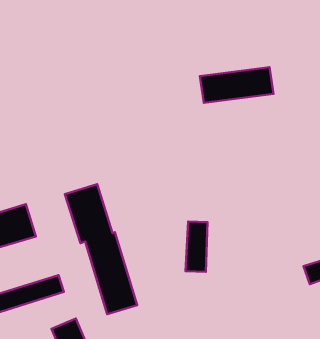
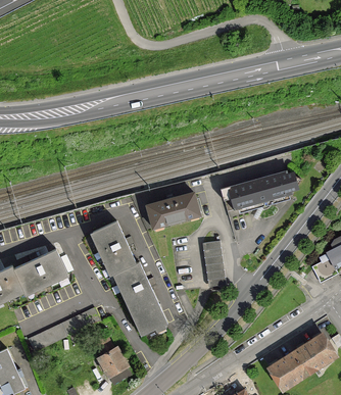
building: [200,67,274,103] -> [225,169,293,210]
building: none -> [145,192,199,231]

